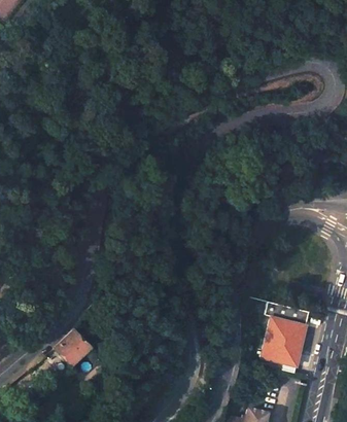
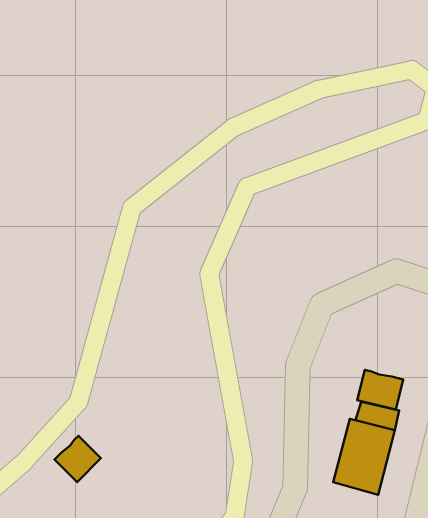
building: none -> [357,370,403,410]

